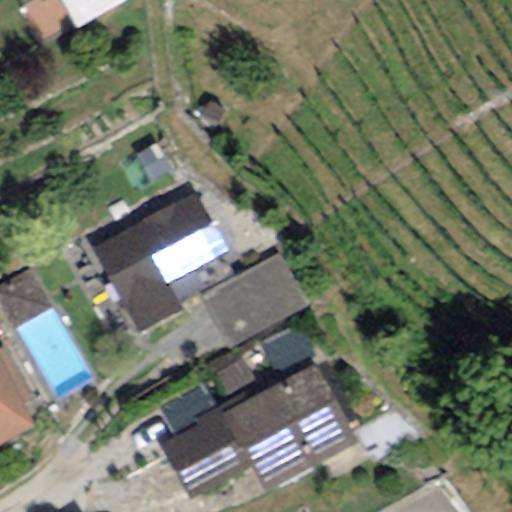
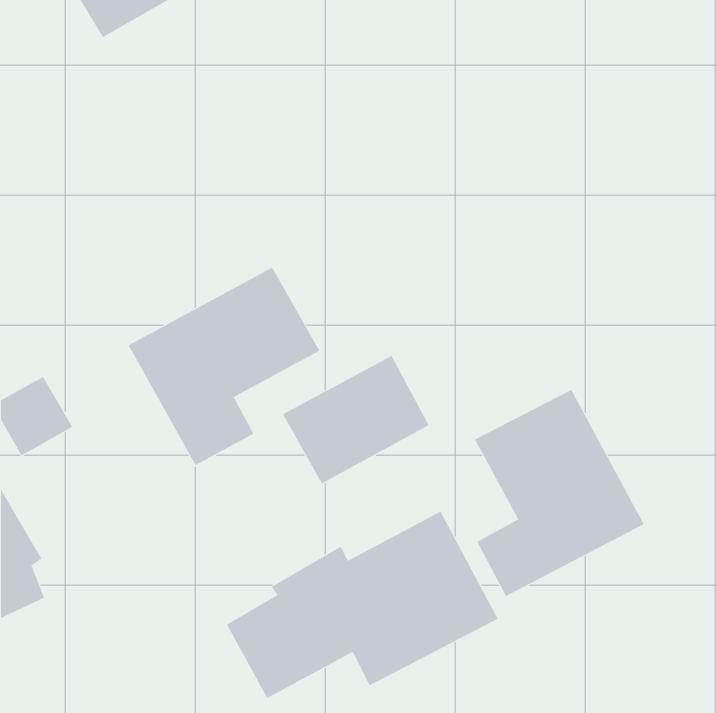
building: none -> [474,389,644,597]

